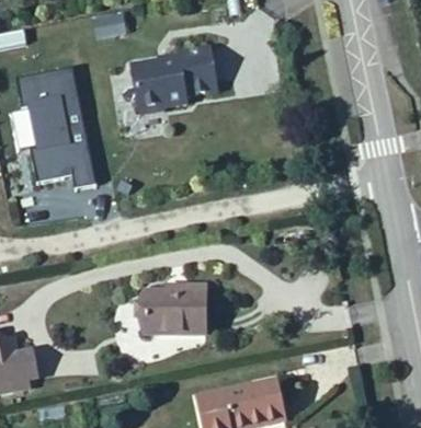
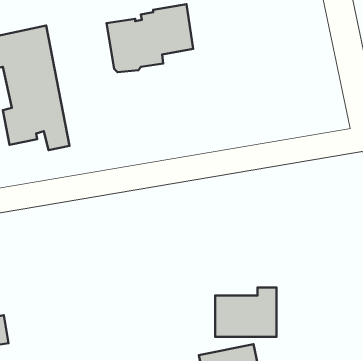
building: [145,285,205,333] -> [215,288,276,337]

